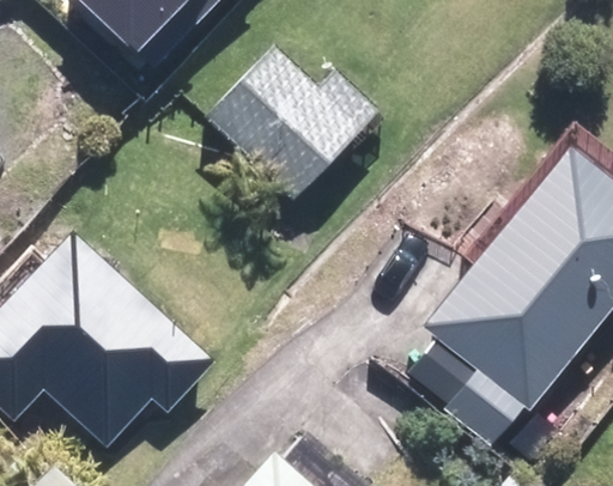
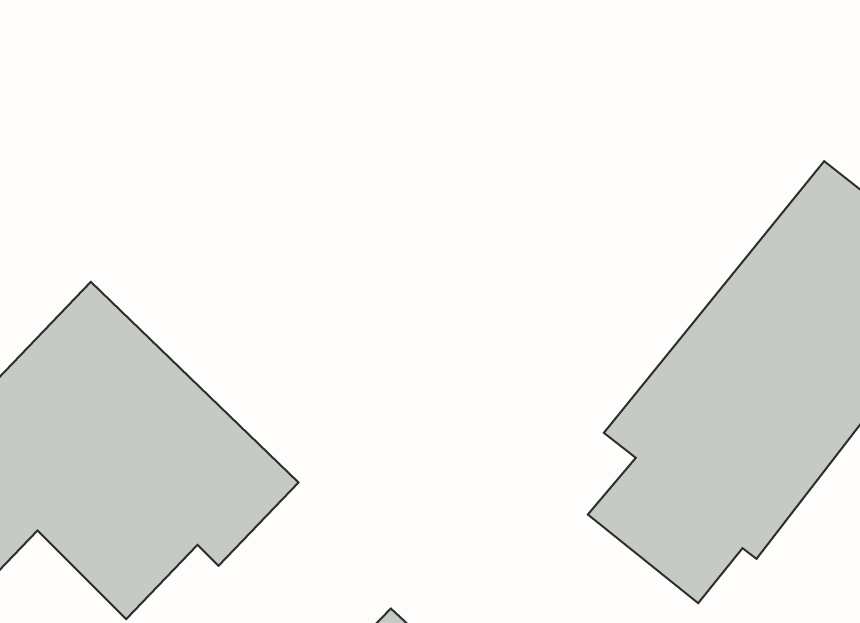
building: [214,55,376,202] -> none

